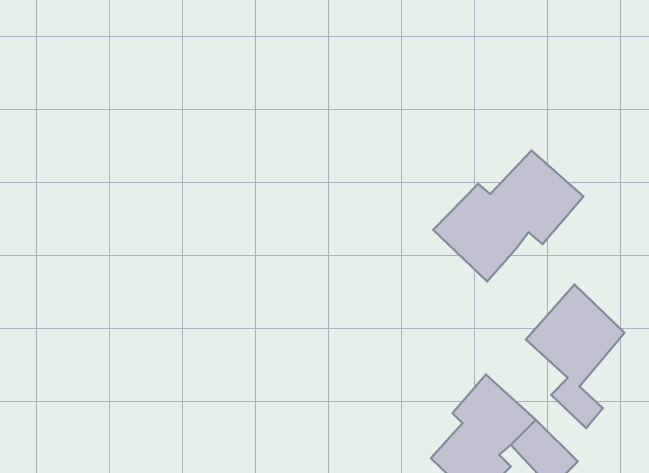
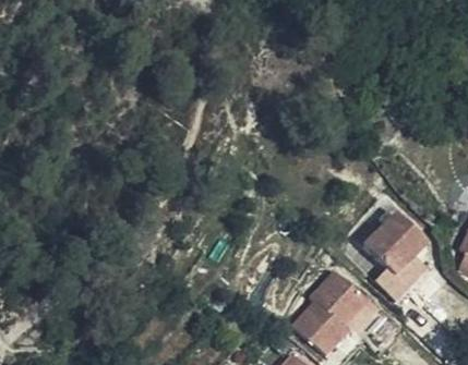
building: [433,151,584,282] -> none

